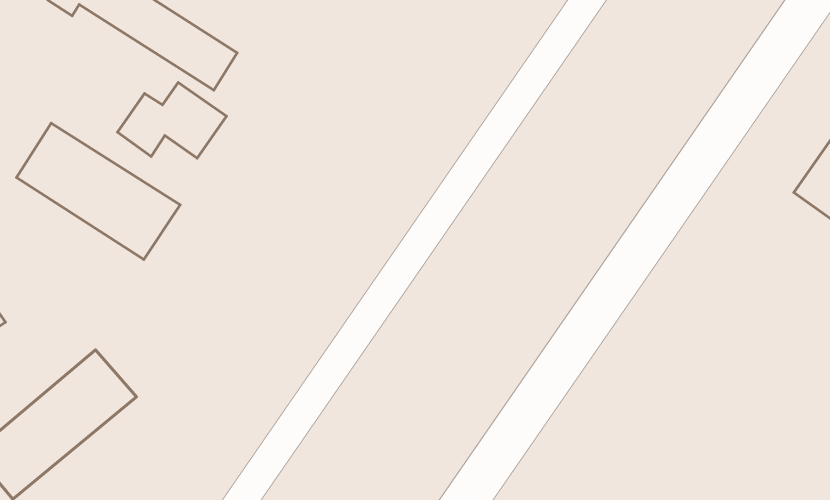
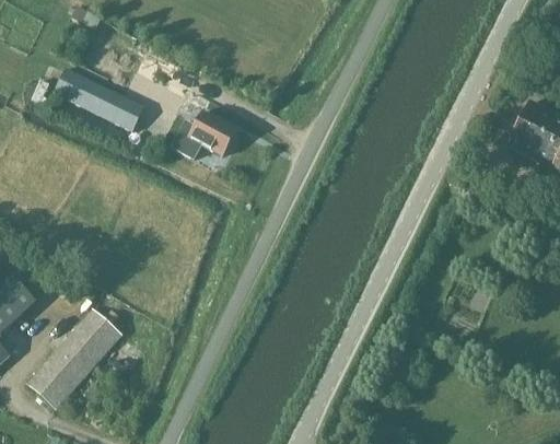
building: [118,82,226,158] -> [172,110,237,159]
building: [16,123,180,259] -> none

